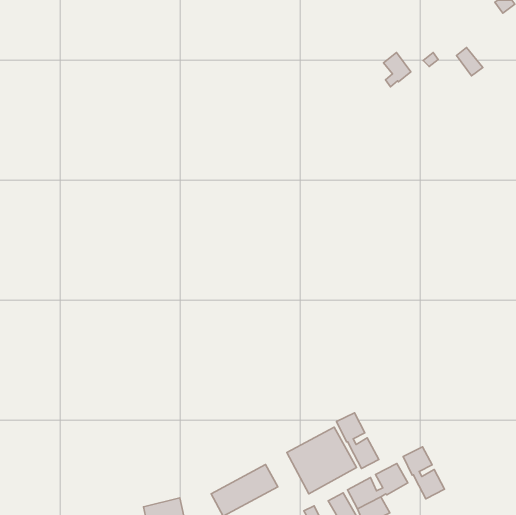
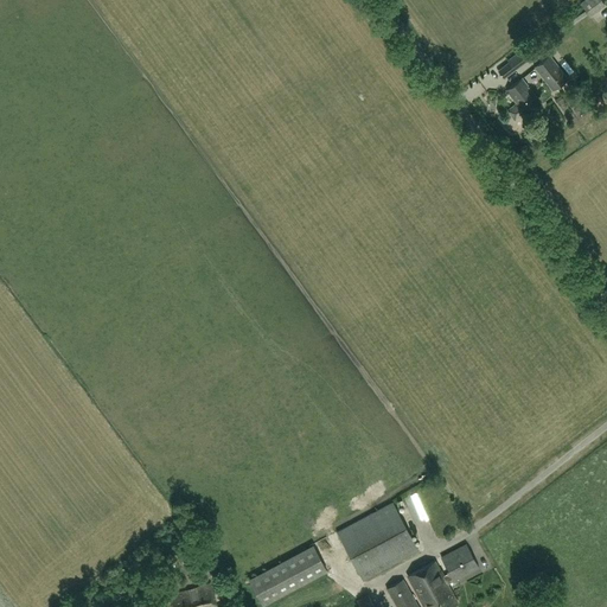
building: [383,53,411,87] -> [506,79,538,120]
building: [337,413,379,468] -> none
building: [403,447,445,499] -> none

